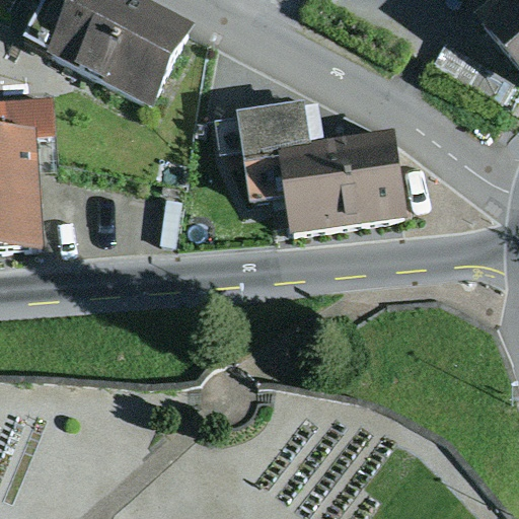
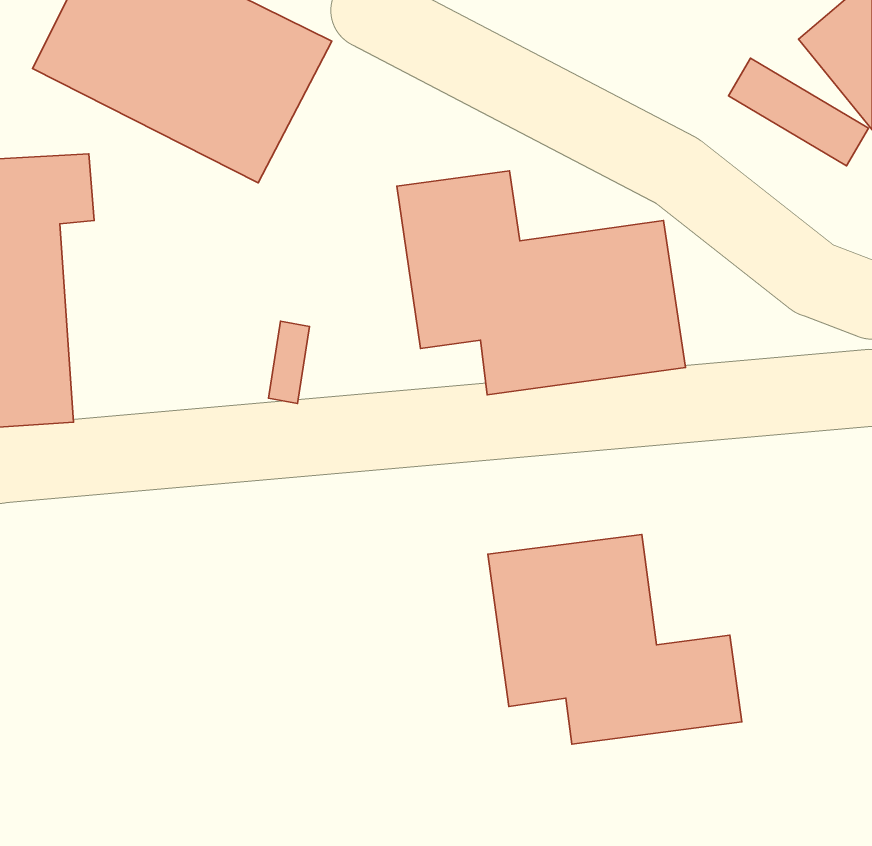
building: none -> [488,534,742,744]

